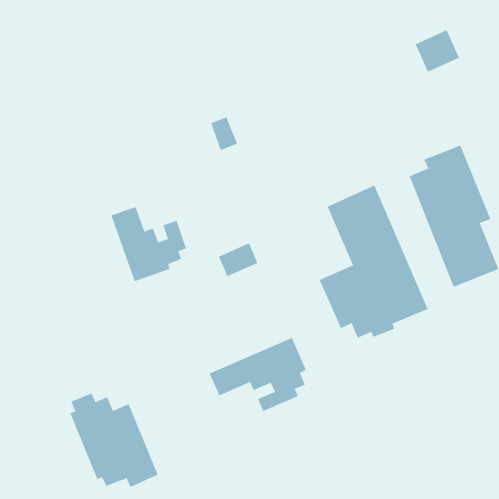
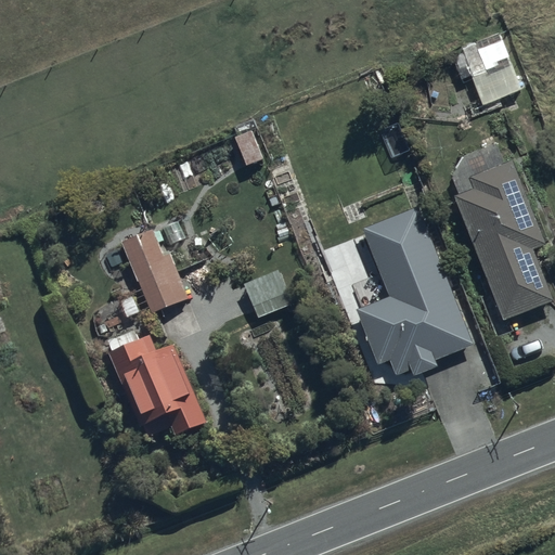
building: [209,337,306,412] -> none
building: [69,393,159,488] -> [106,331,205,436]

